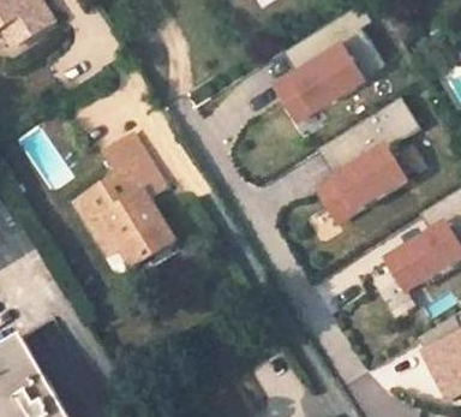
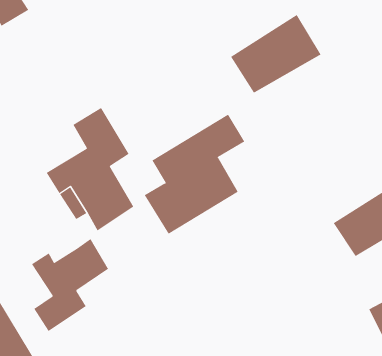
building: [310,99,419,228] -> [144,114,245,234]
building: none -> [31,238,109,332]

